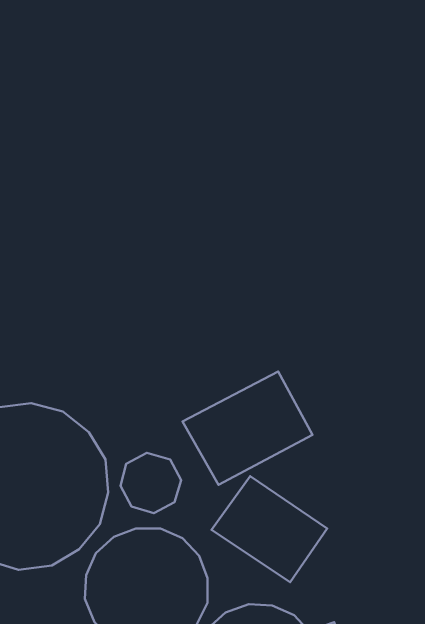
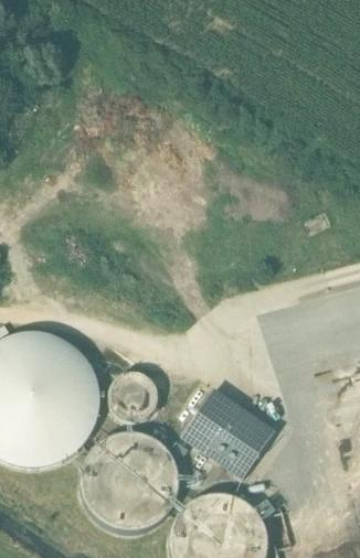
building: [182,372,313,485] -> none

